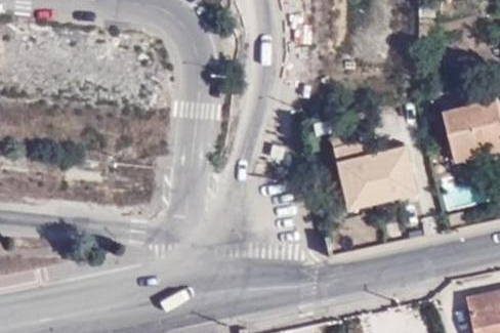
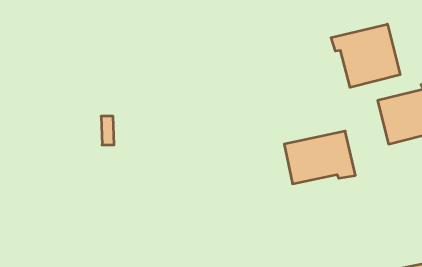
building: none -> [331,24,400,87]

